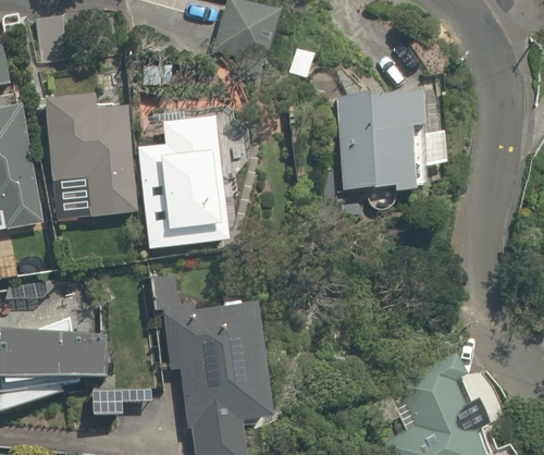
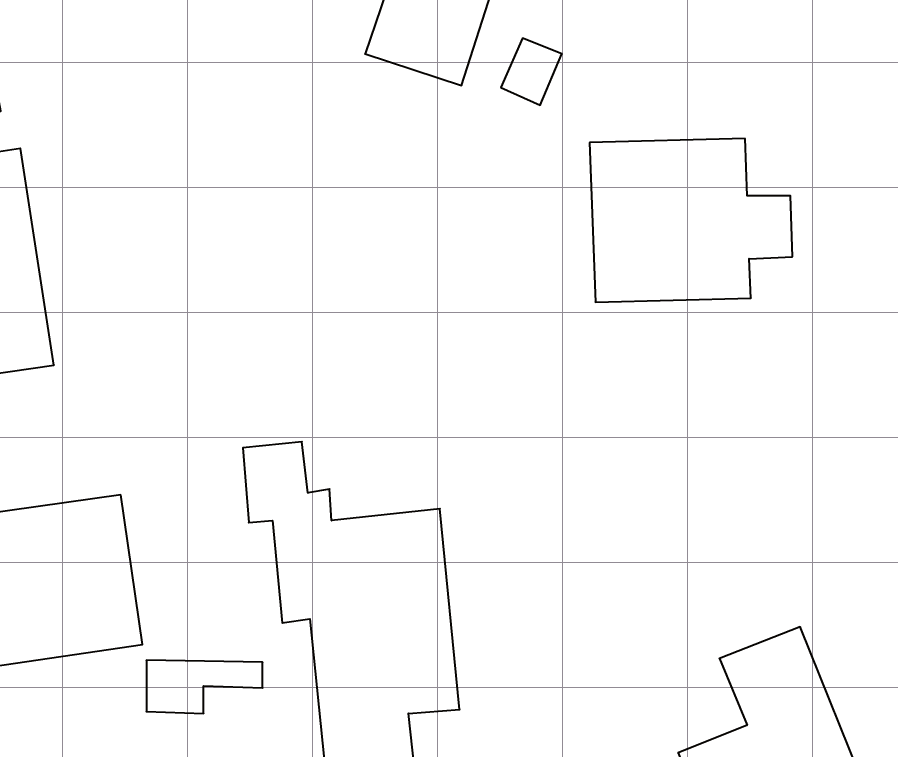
building: [47,101,139,218] -> none
building: [141,118,228,246] -> none

